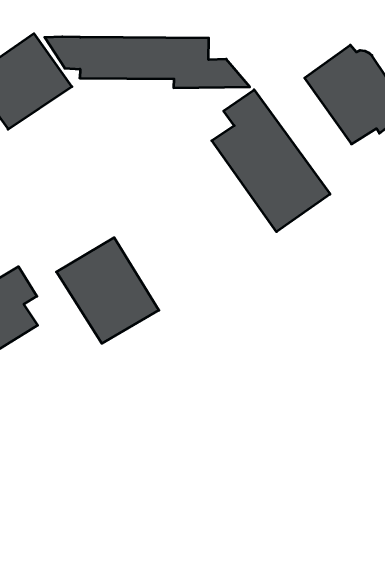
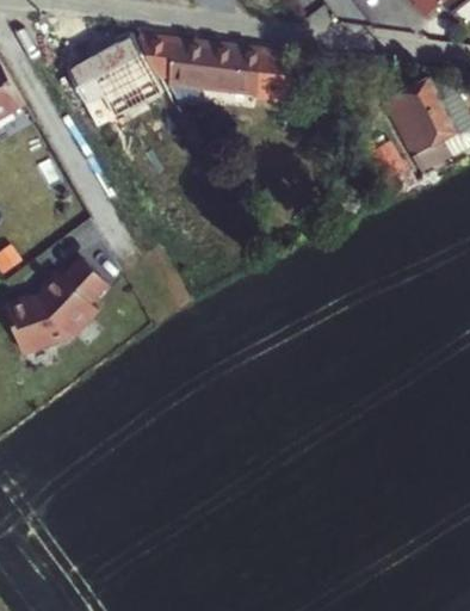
building: [212,90,330,232] -> none
building: [56,238,159,343] -> none

